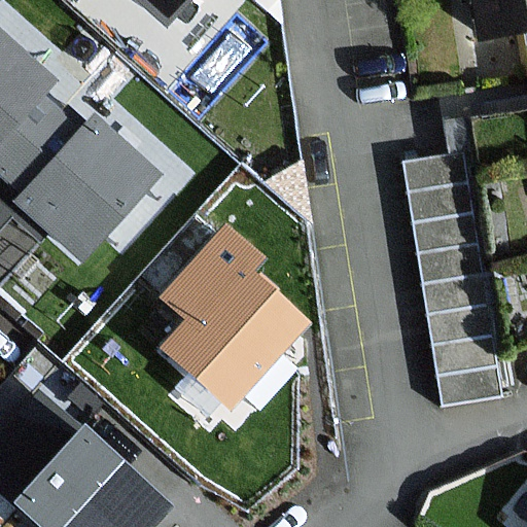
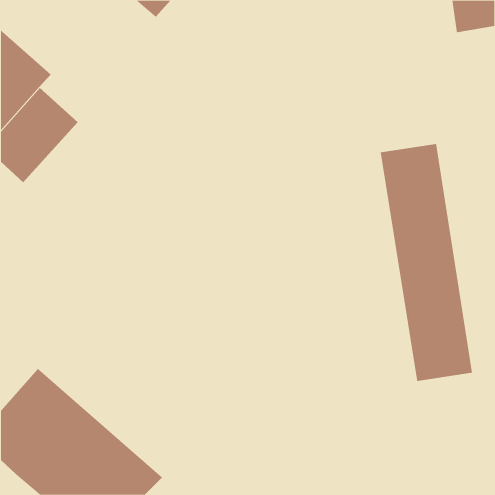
building: [20,116,159,257] -> none
building: [168,231,304,403] -> none

